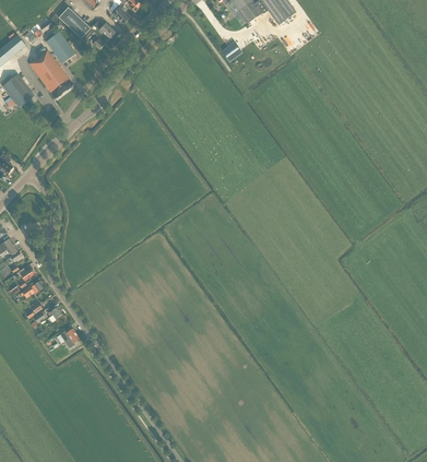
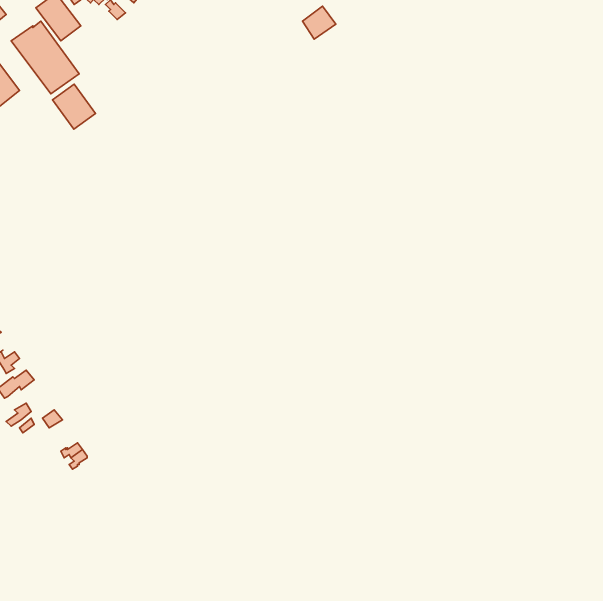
building: none -> [53,84,96,129]

